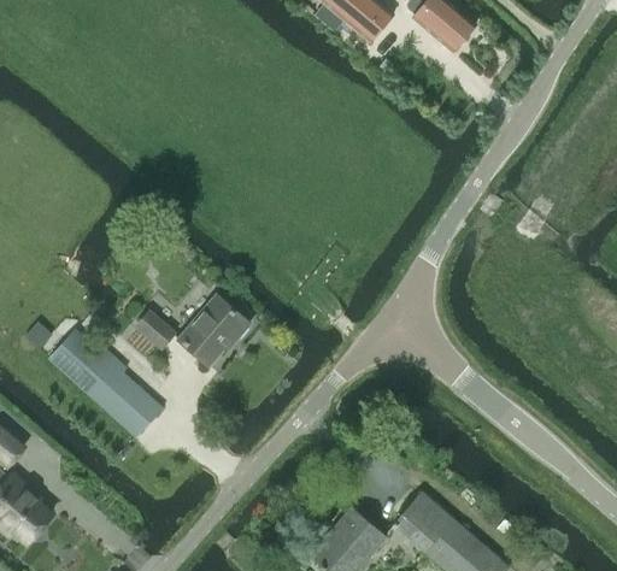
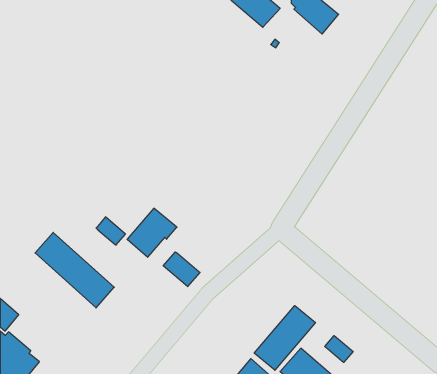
building: none -> [163,252,200,287]
building: none -> [254,306,315,370]
building: none -> [325,336,353,362]

